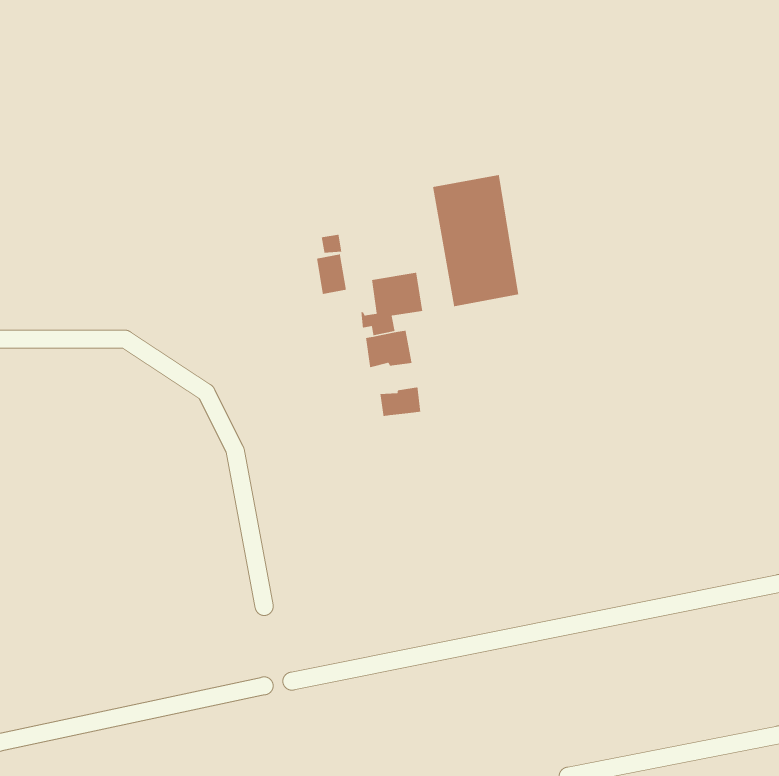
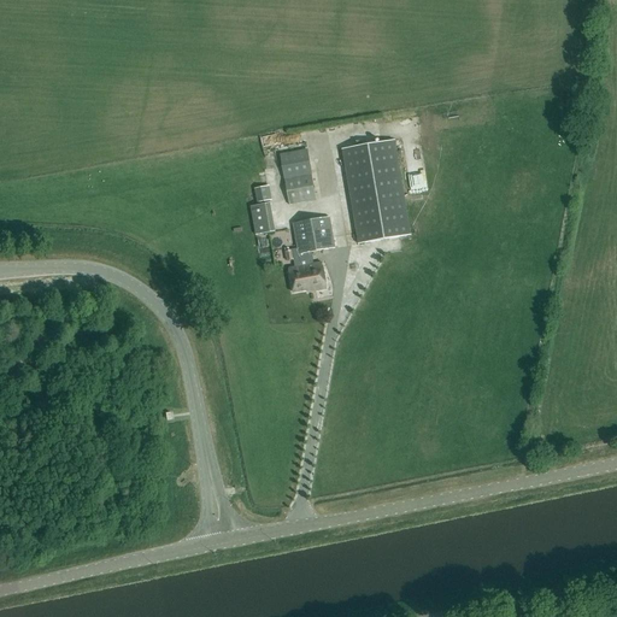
building: none -> [280,147,315,202]
building: [379,386,421,417] -> none

